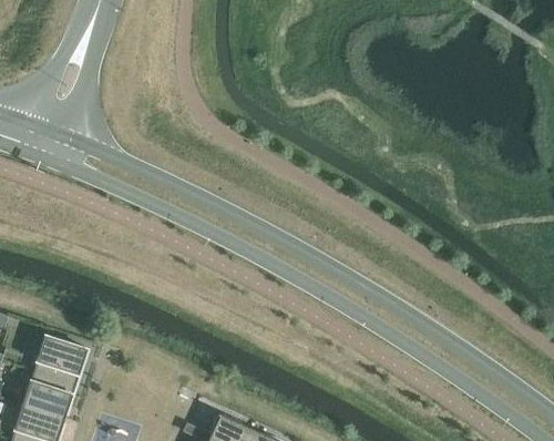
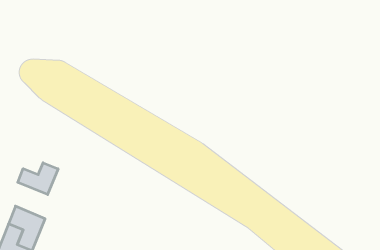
building: none -> [18,163,58,195]

